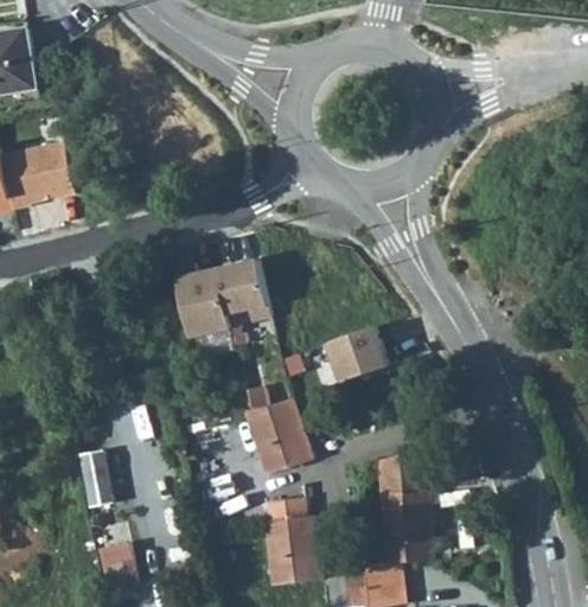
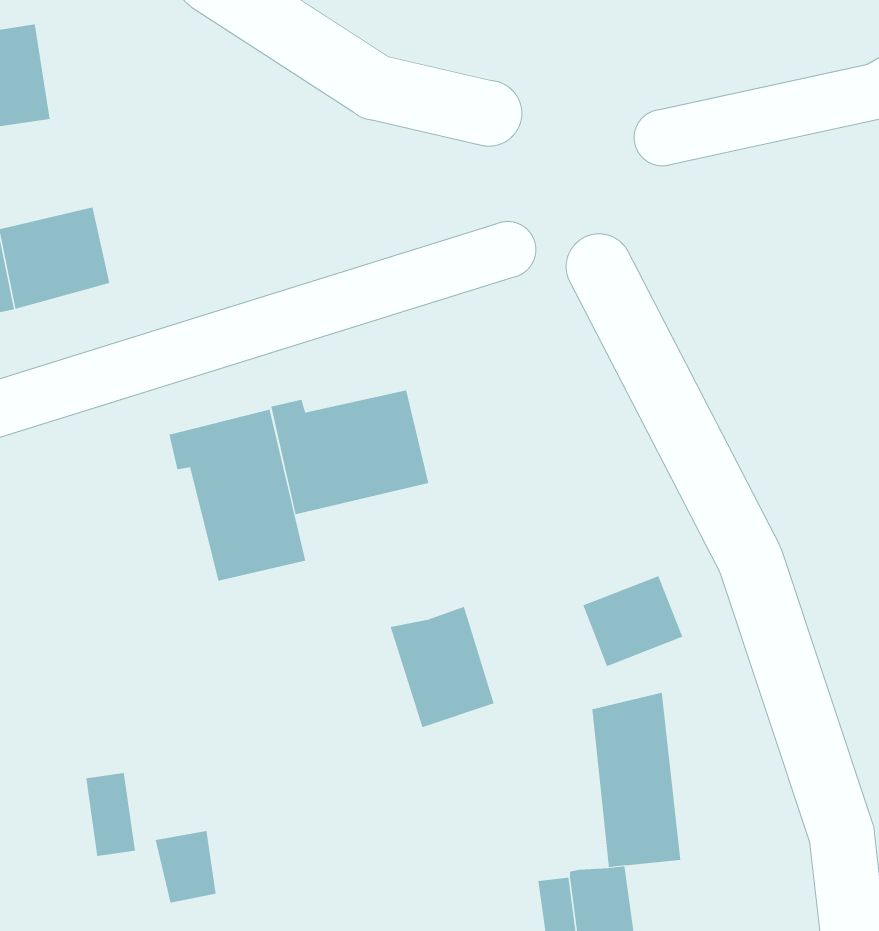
building: none -> [169,409,306,582]
building: [326,324,390,382] -> [582,575,683,667]
building: [82,453,114,506] -> [85,773,136,857]
building: [263,500,319,587] -> none

